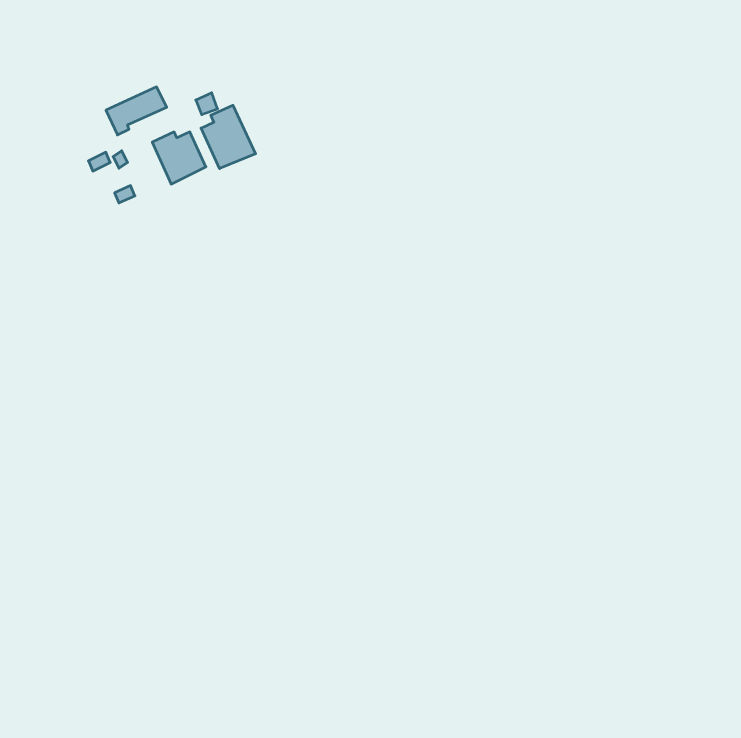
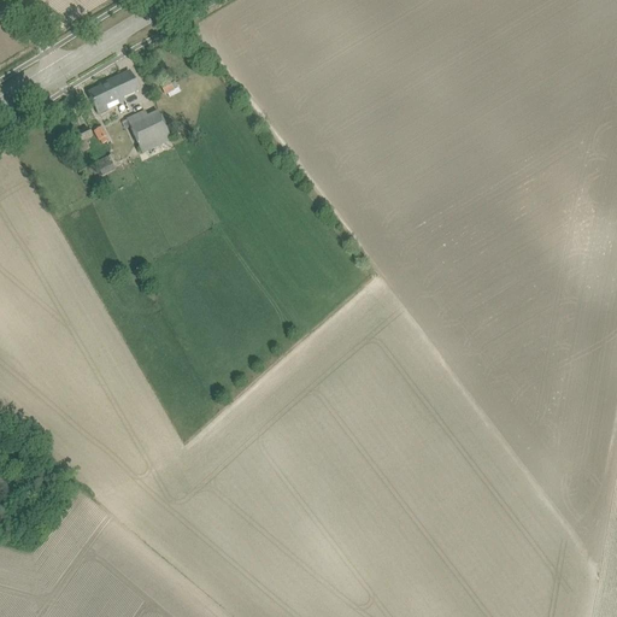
building: [201,105,256,169] -> none

